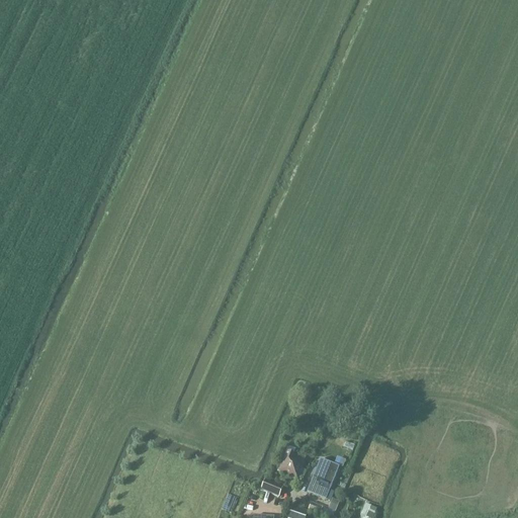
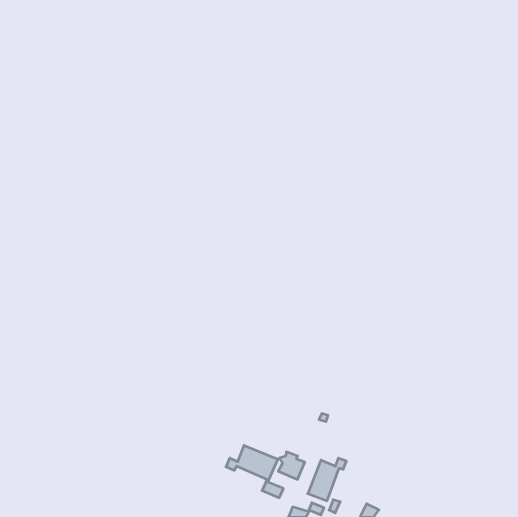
building: none -> [226,445,278,480]

